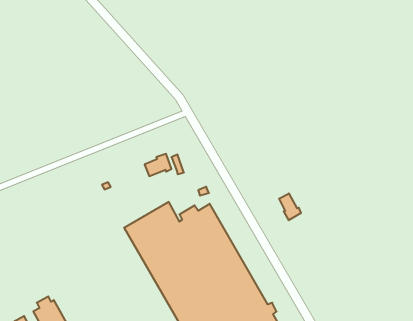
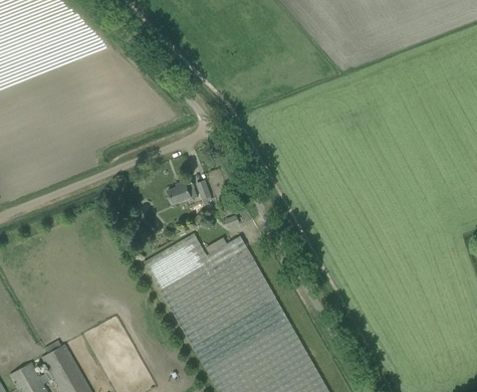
building: [279,193,301,220] -> none

